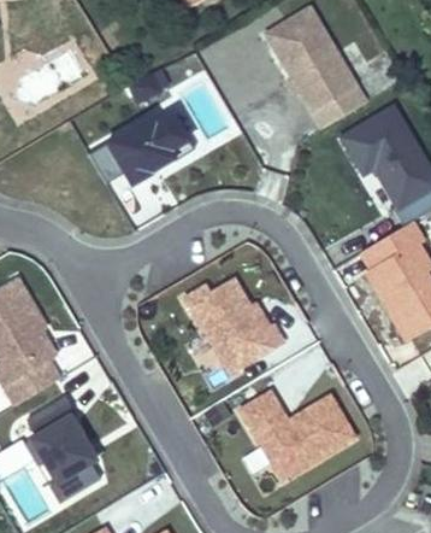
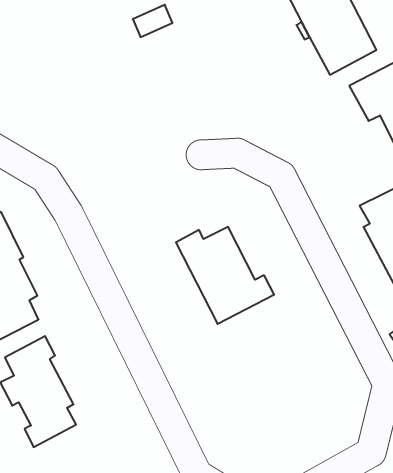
building: [89,98,199,193] -> none
building: [241,392,354,480] -> none

